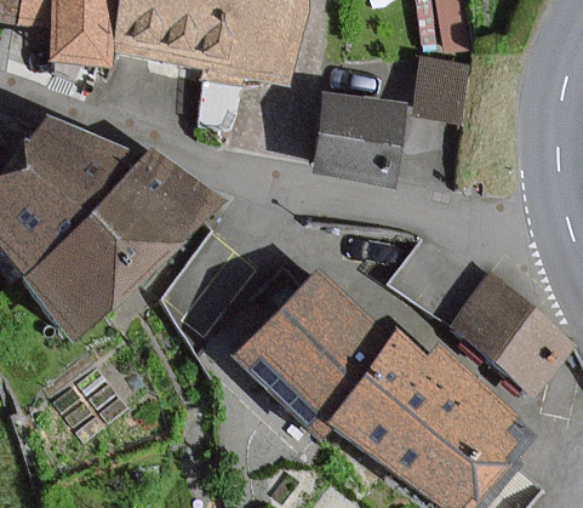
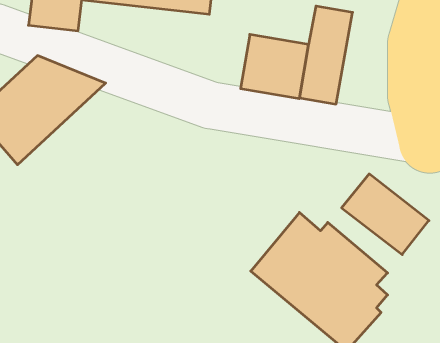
building: [23,152,213,327] -> none
building: [236,268,391,424] -> none

